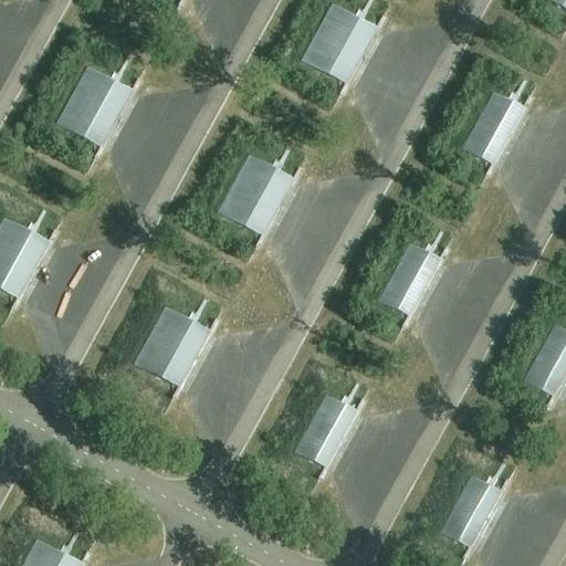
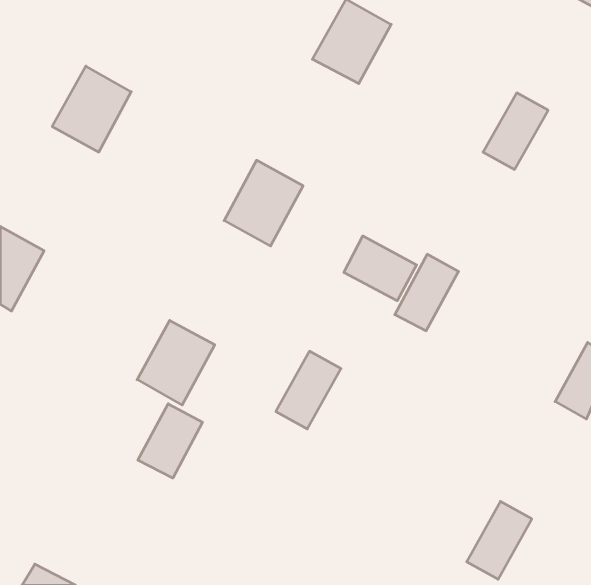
building: none -> [344,236,417,301]
building: none -> [138,404,202,478]
building: [294,394,356,468] -> [276,351,341,429]

